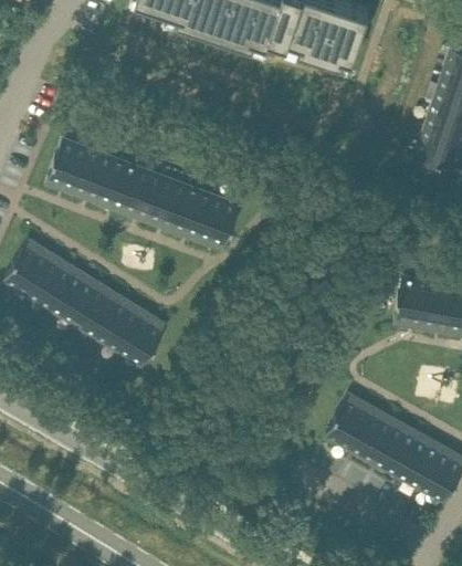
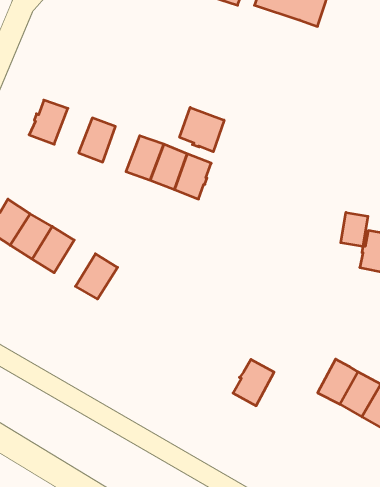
building: none -> [180,107,224,152]
building: [73,154,113,200] -> none
building: [124,172,162,220] -> none
building: none -> [341,212,368,247]
building: [73,292,116,340] -> none
building: [118,321,162,368] -> none
building: [325,403,368,452] -> [233,359,274,406]

